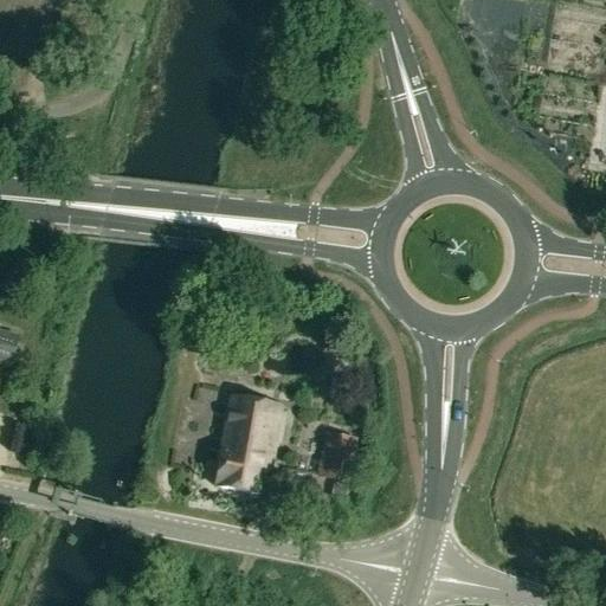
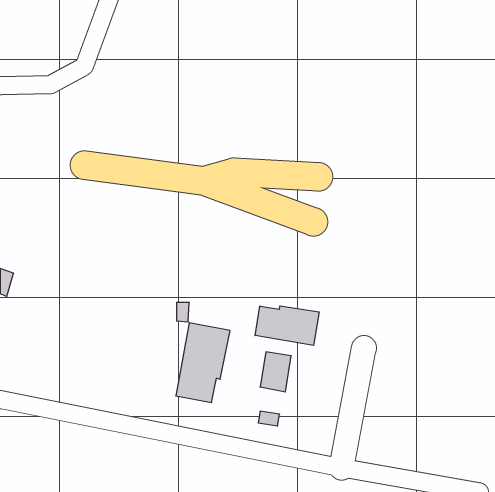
building: none -> [255,306,319,345]

